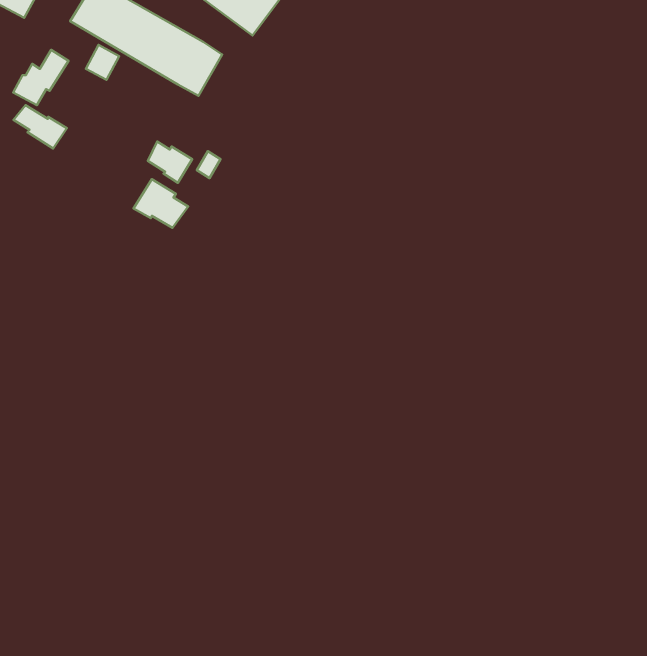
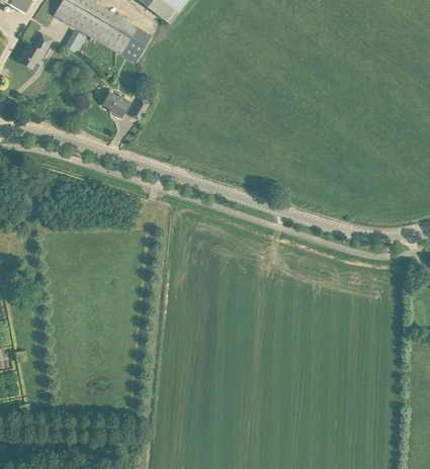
building: [13,105,67,149] -> none
building: [134,179,188,228] -> none

